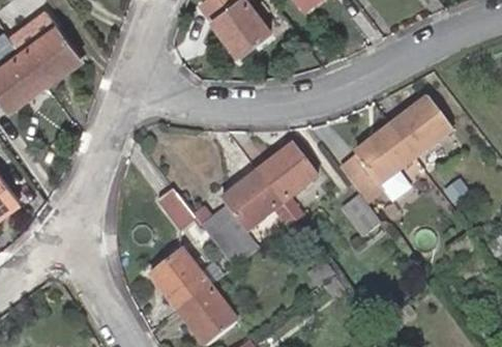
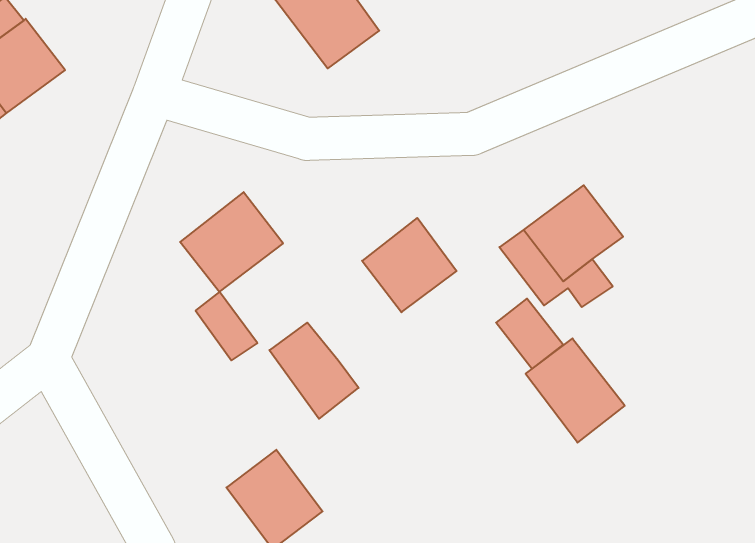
building: [392,97,454,157] -> none
building: [220,172,283,232] -> [180,192,283,292]
building: none -> [526,338,625,443]
building: [150,251,207,309] -> none

